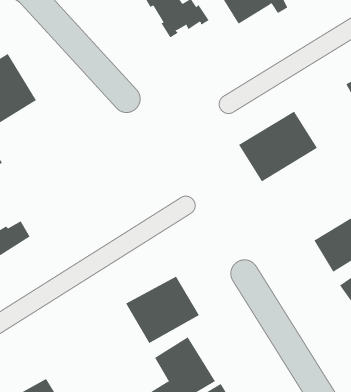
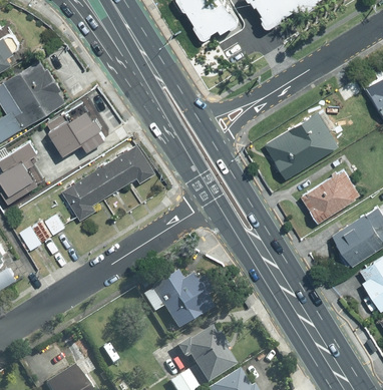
building: none -> [47,101,107,153]
building: none -> [66,146,153,218]
building: none -> [299,169,358,223]

